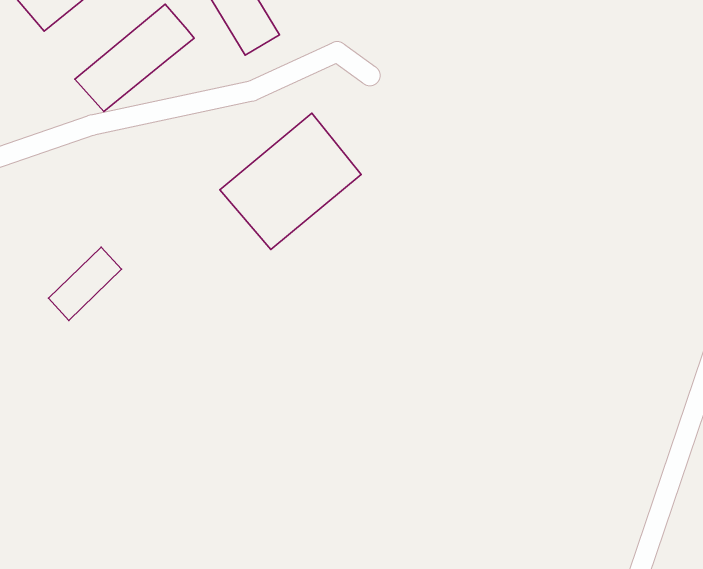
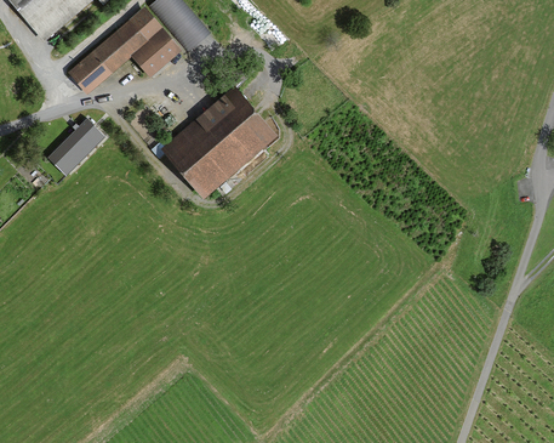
building: none -> [131,22,183,78]
building: [48,247,122,320] -> [51,121,103,174]

